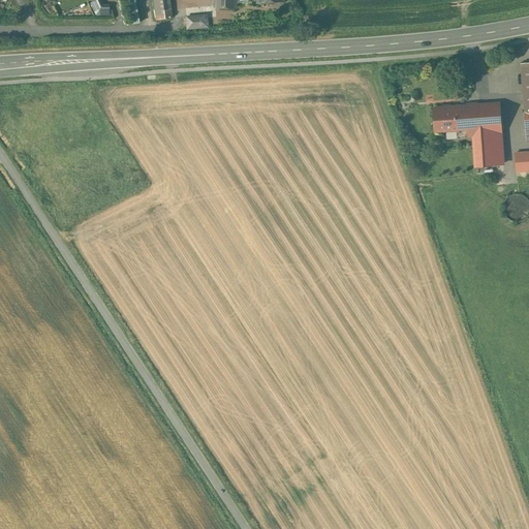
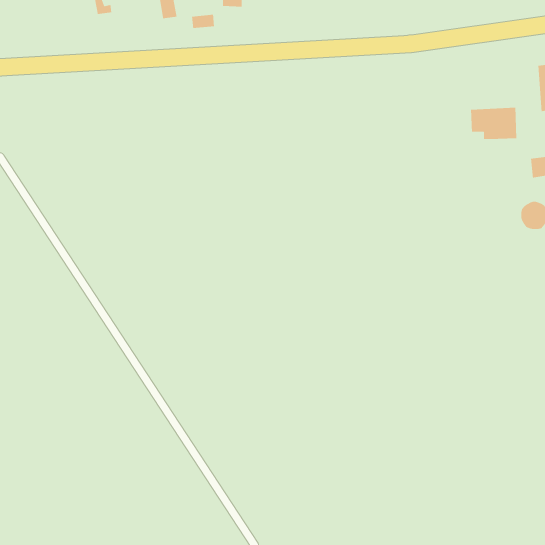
building: [434,105,457,129] -> none
building: [473,134,502,159] -> none

